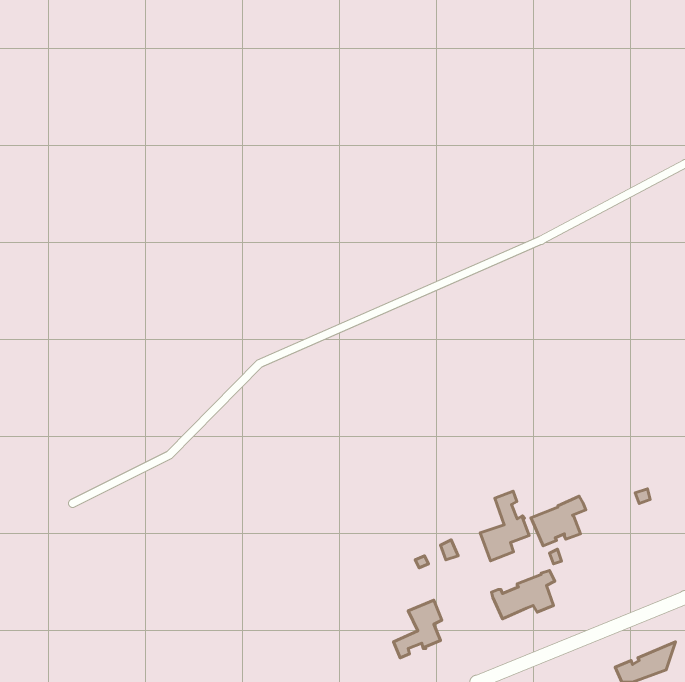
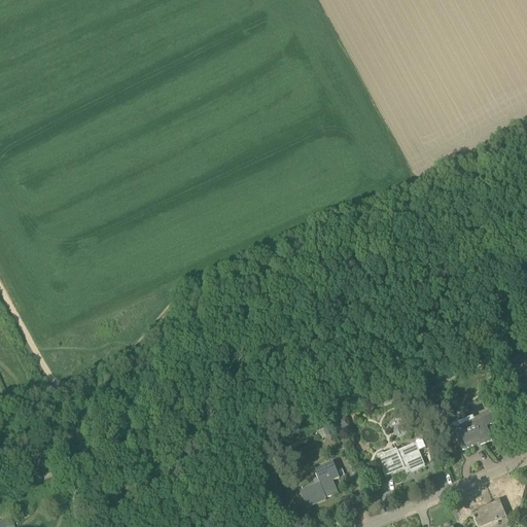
building: [480,491,529,561] -> none
building: [531,496,586,546] -> [453,410,495,448]

